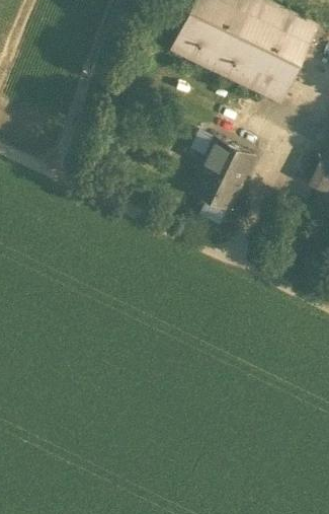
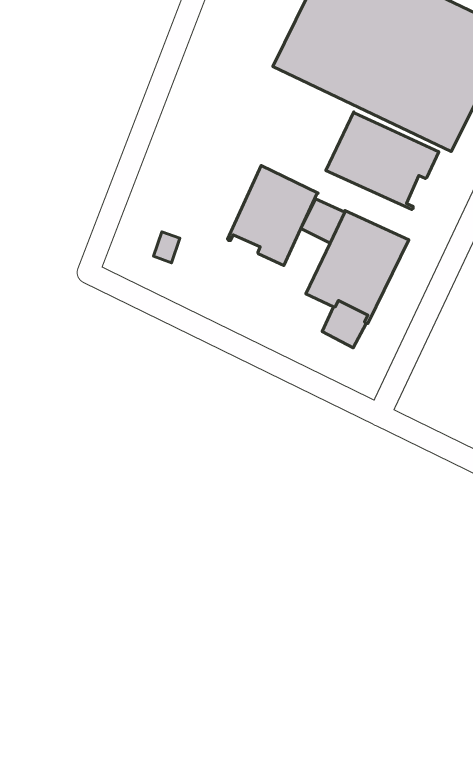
building: none -> [326,112,439,210]
building: none -> [228,166,318,266]

